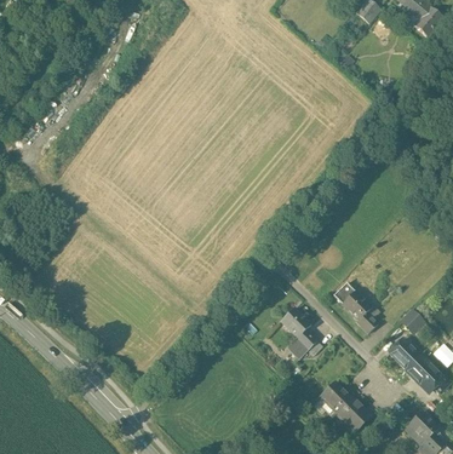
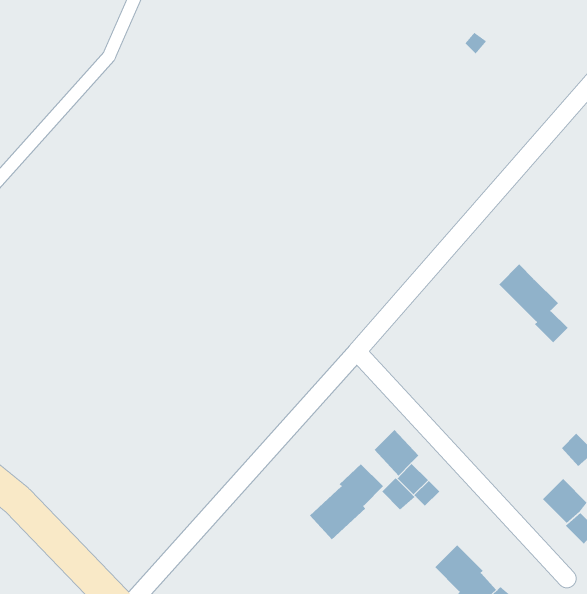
building: [332,282,377,333] -> [498,264,568,343]
building: none -> [309,464,384,540]

